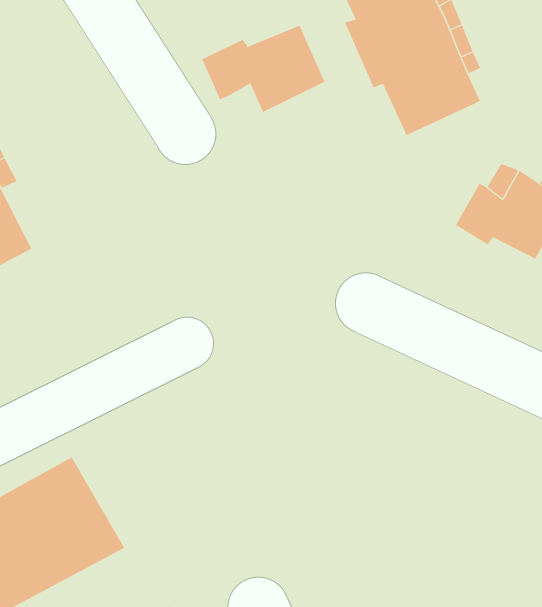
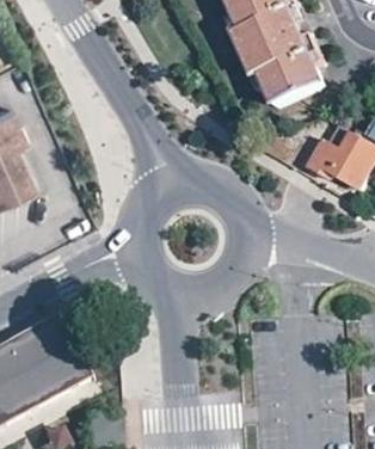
building: [202,25,325,113] -> none

